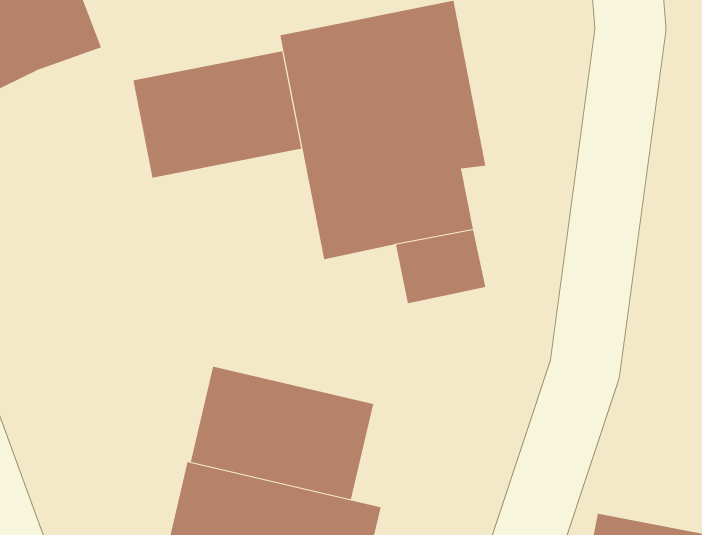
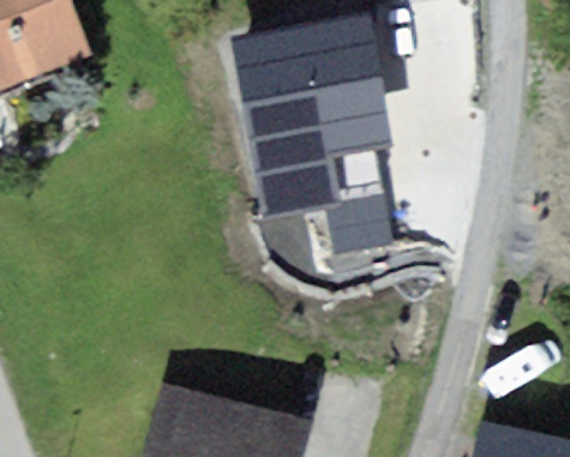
building: [133,50,302,179] -> none
building: [190,366,374,500] -> none

